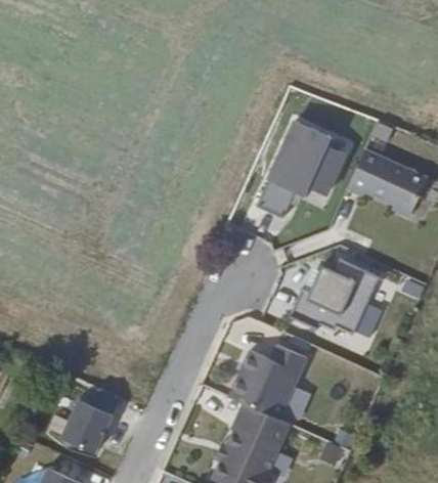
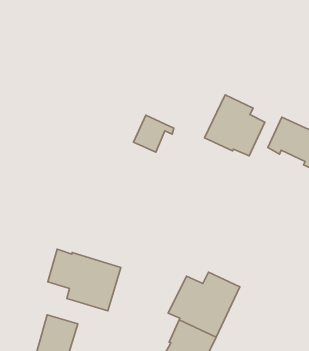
building: [257,174,307,220] -> [134,115,174,152]
building: [292,259,381,334] -> none
building: none -> [48,249,121,311]

